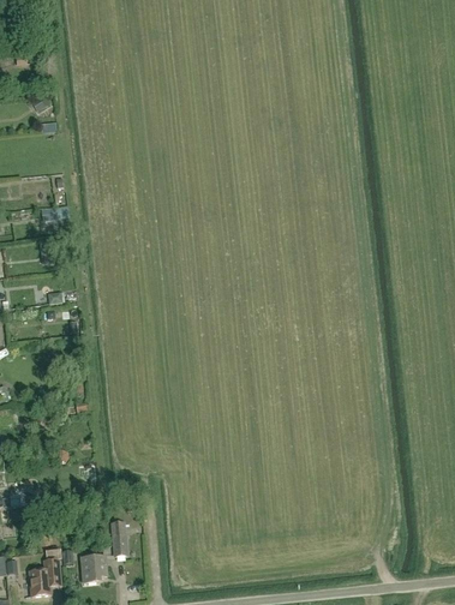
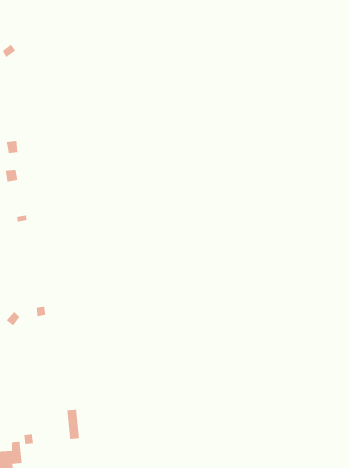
building: [80,555,106,581] -> none

